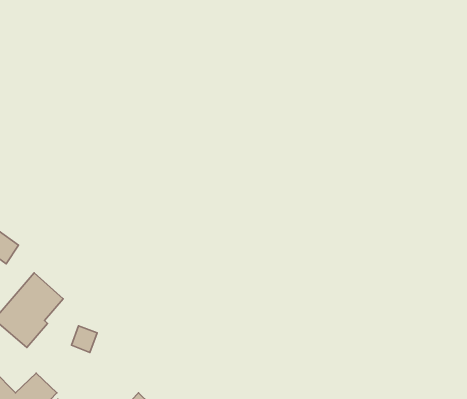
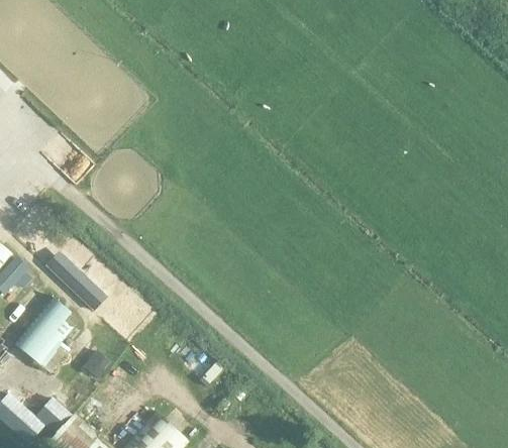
building: none -> [44,248,107,310]

